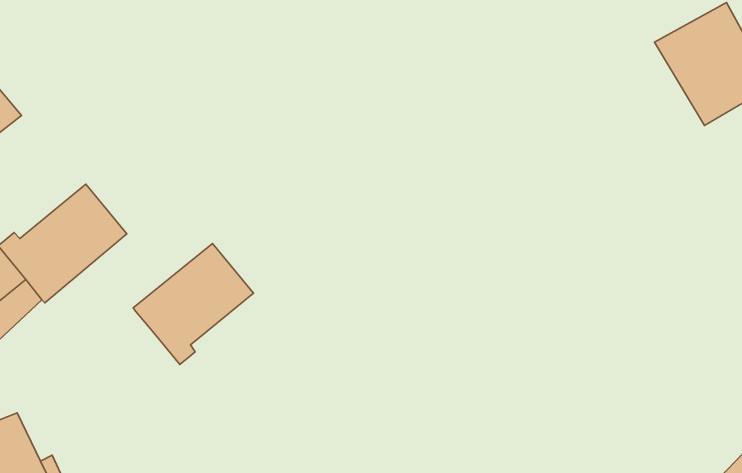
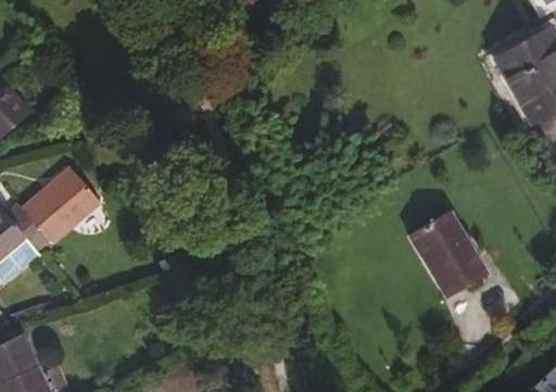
building: none -> [412,208,490,296]
building: [133,244,253,364] -> none

